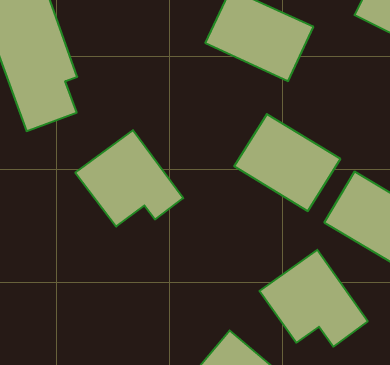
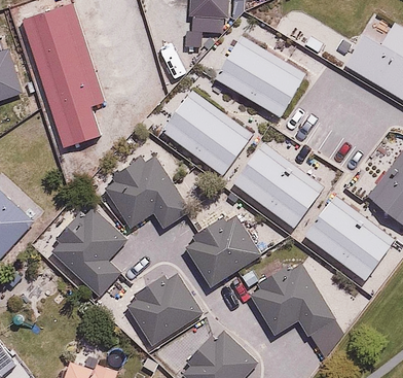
building: none -> [161,90,251,174]
building: none -> [181,210,263,291]
building: none -> [45,203,133,297]
building: none -> [122,267,203,345]

